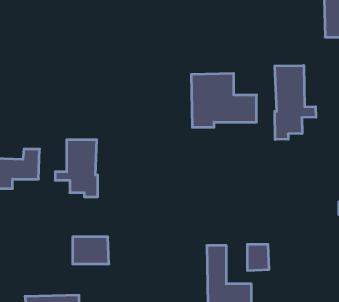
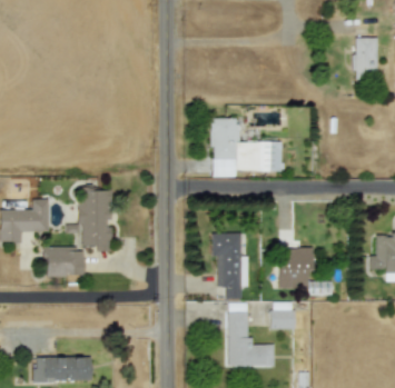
building: [275,65,316,140] -> none
building: none -> [213,232,243,297]
building: none -> [277,247,314,288]
building: [73,237,109,264] -> [46,247,85,276]

